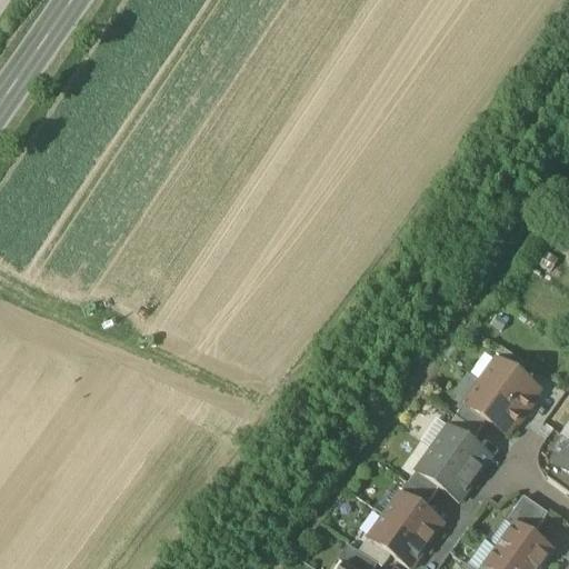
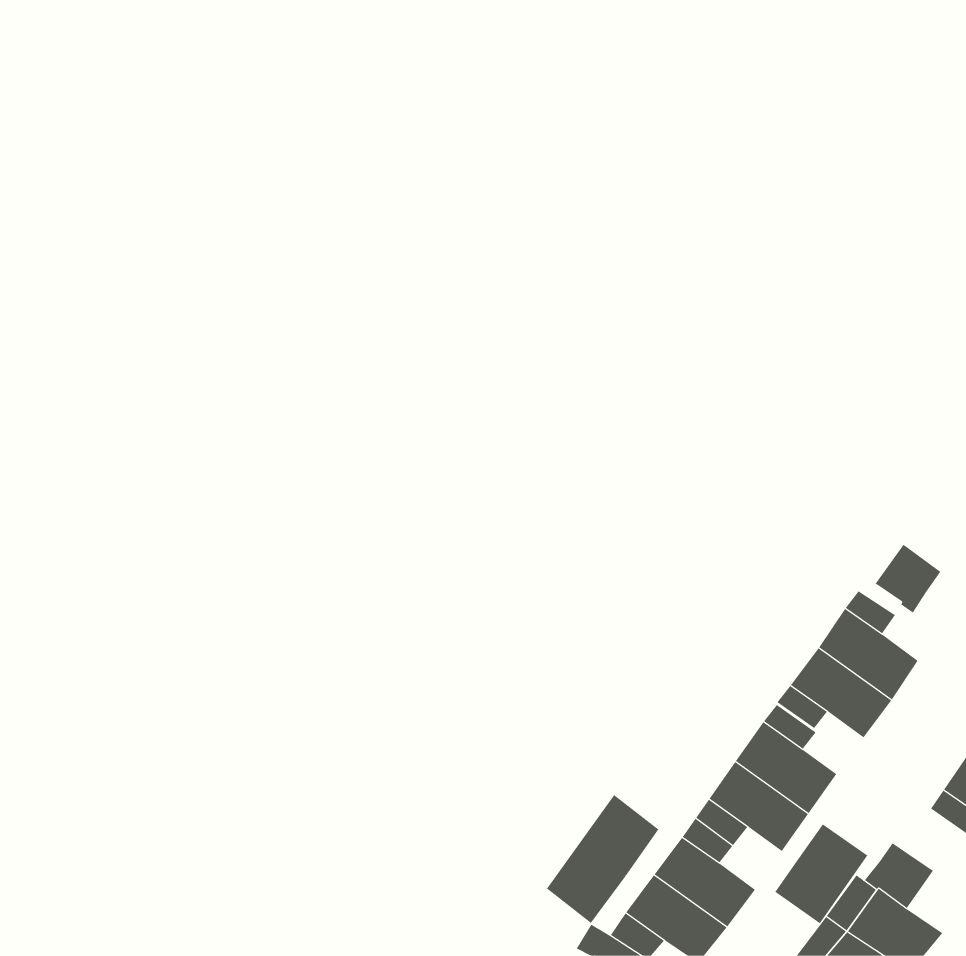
building: none -> [875,544,941,614]
building: none -> [546,794,659,924]
building: none -> [775,823,868,924]

